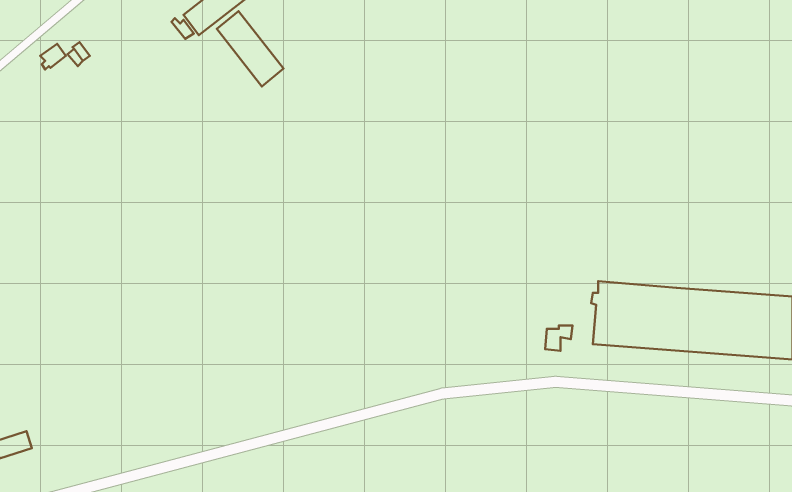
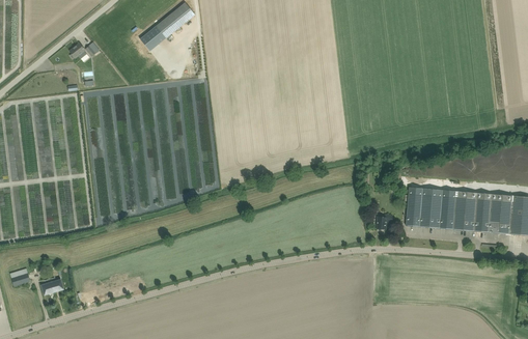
building: [217,11,284,86] -> none

